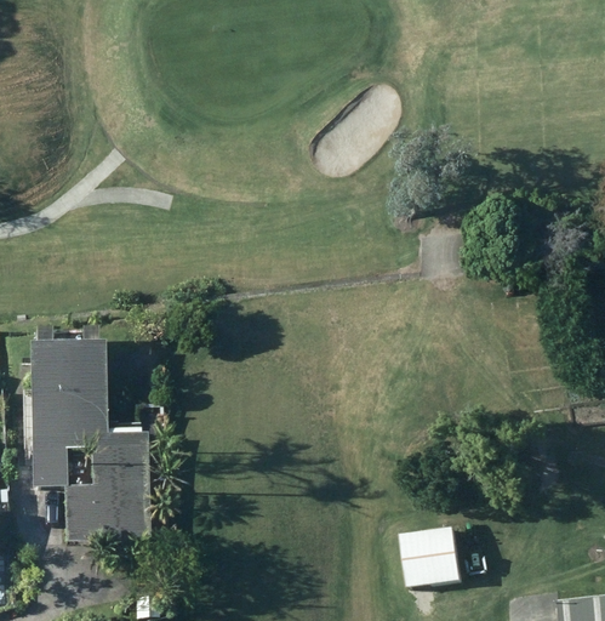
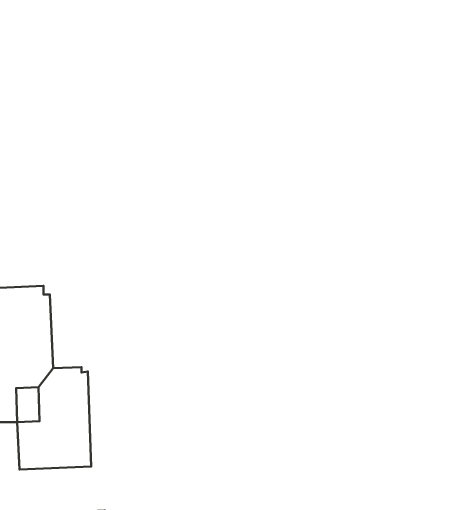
building: [410,525,468,586] -> none

